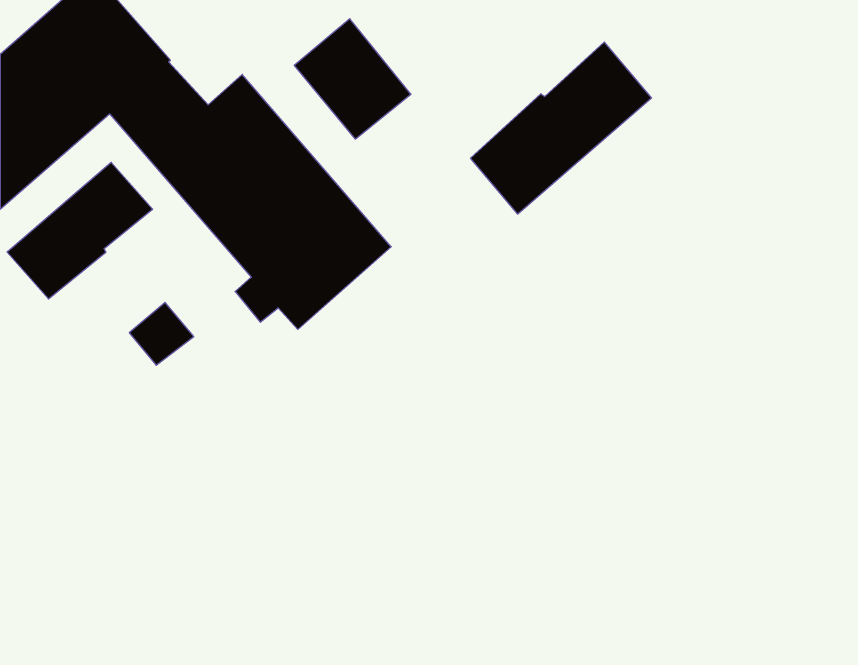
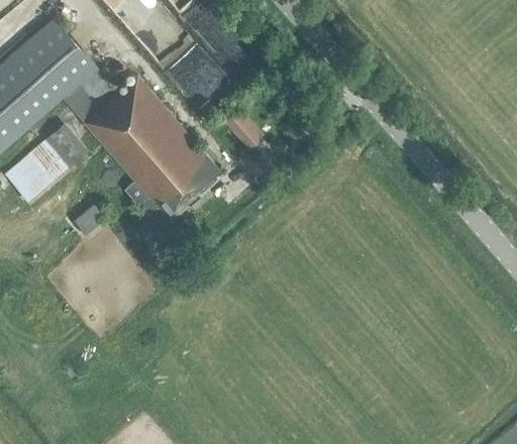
building: [471,42,651,214] -> none
building: none -> [223,108,263,149]

